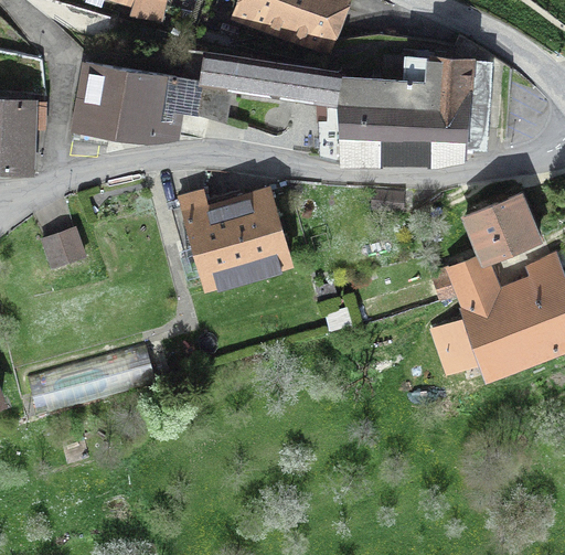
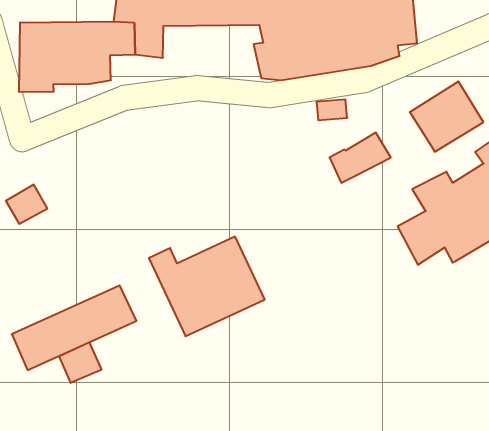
building: [180,191,290,284] -> [149,237,265,336]
building: [431,255,493,300] -> [330,133,391,183]
building: none -> [59,342,101,383]

